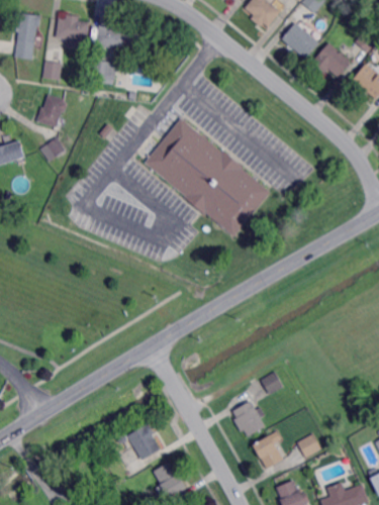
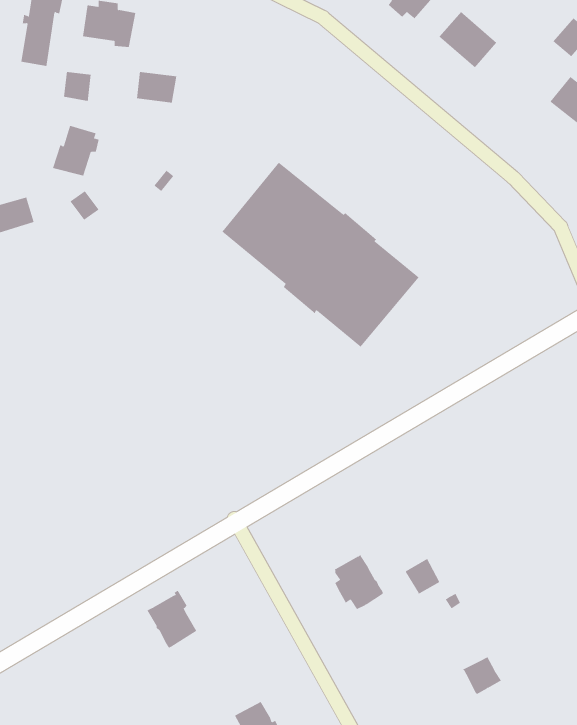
building: [95,23,138,55] -> none
building: [310,43,350,79] -> none
building: [232,400,265,435] -> [333,554,384,610]
building: [126,423,159,461] -> [146,590,197,648]
building: [253,430,283,469] -> none

